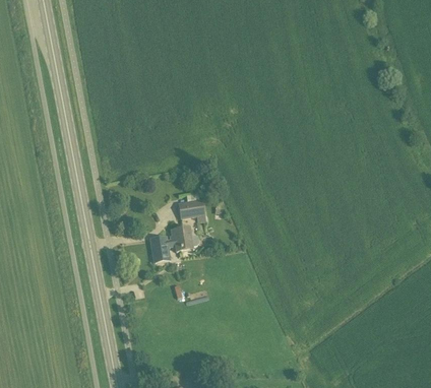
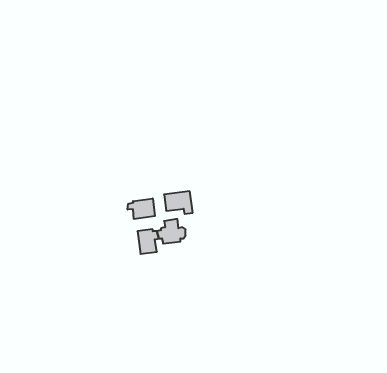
building: none -> [128,198,155,219]

